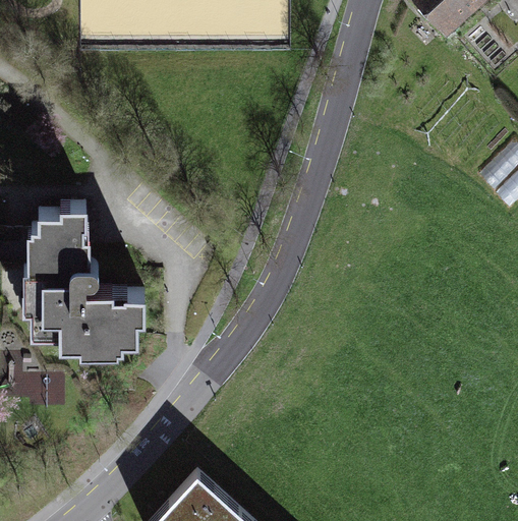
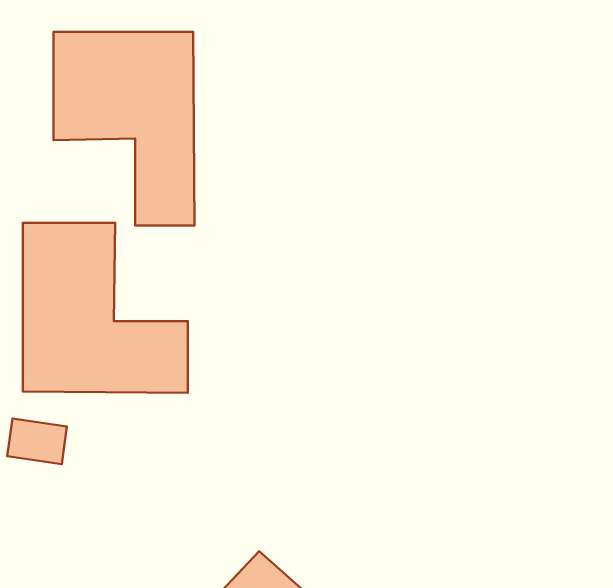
building: none -> [53,32,194,225]

